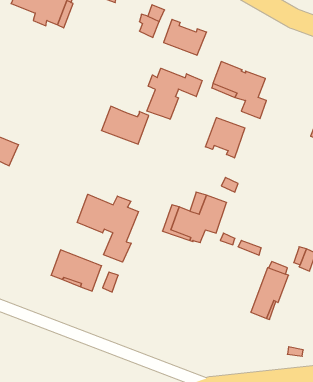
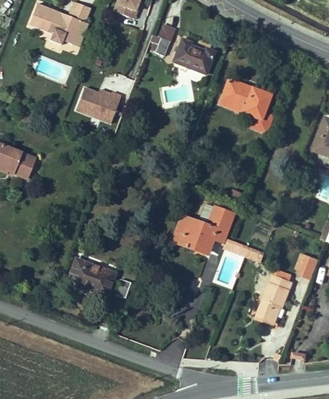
building: [147,68,202,119] -> none
building: [101,106,149,144] -> [75,87,120,123]
building: [205,118,245,158] -> none
building: [77,194,139,262] -> none

